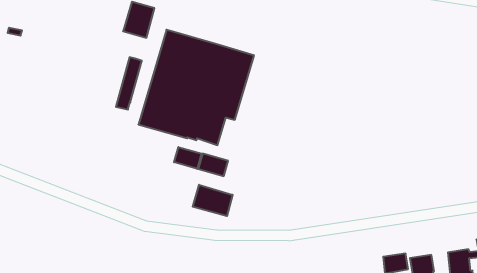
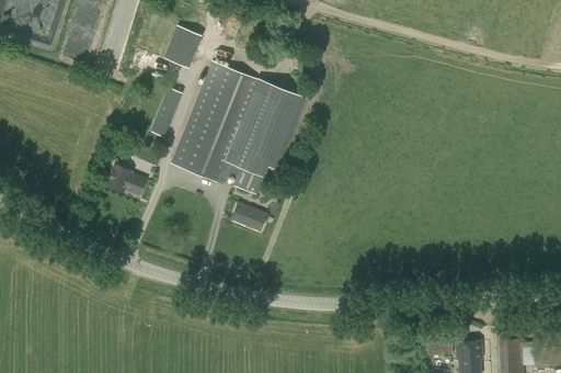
building: none -> [107,162,147,194]
building: [174,147,201,169] -> none
building: [193,185,233,216] -> none

